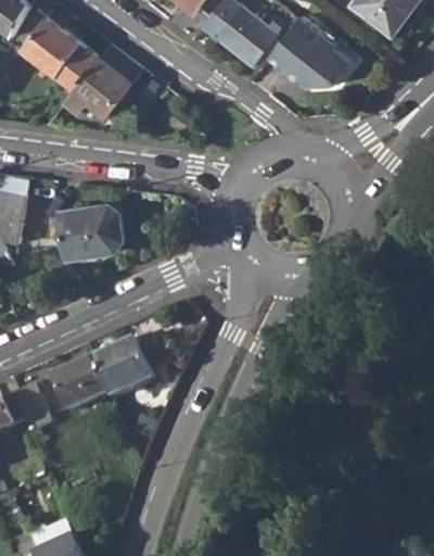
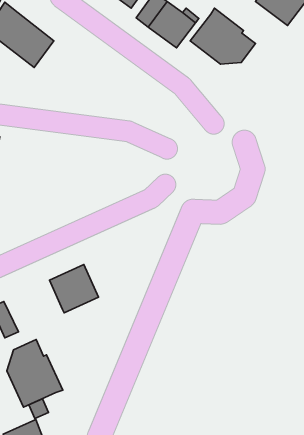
building: [60,42,139,116] -> none
building: [56,203,122,258] -> none
building: [50,357,105,412] -> none
building: none -> [7,339,63,407]

